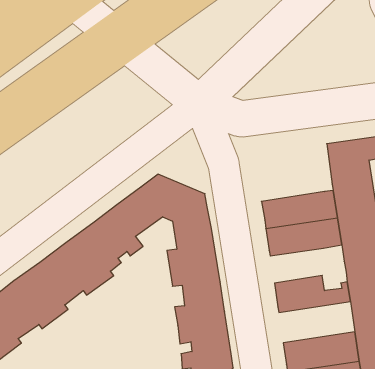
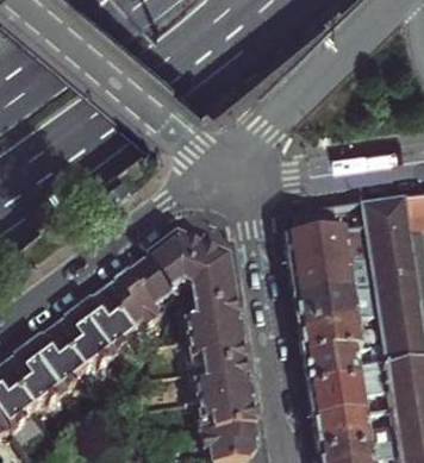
building: none -> [287,225,368,263]
building: none -> [300,314,384,352]
building: none -> [310,373,393,418]

